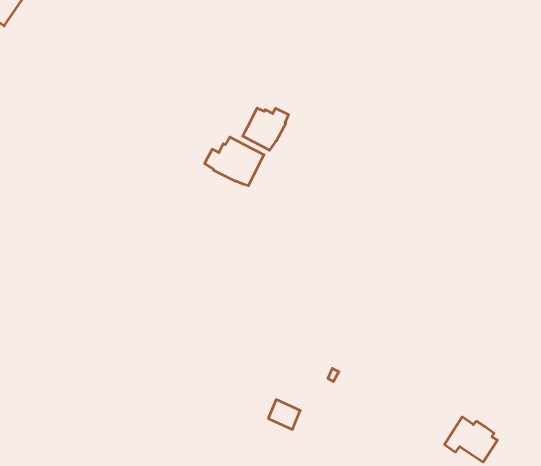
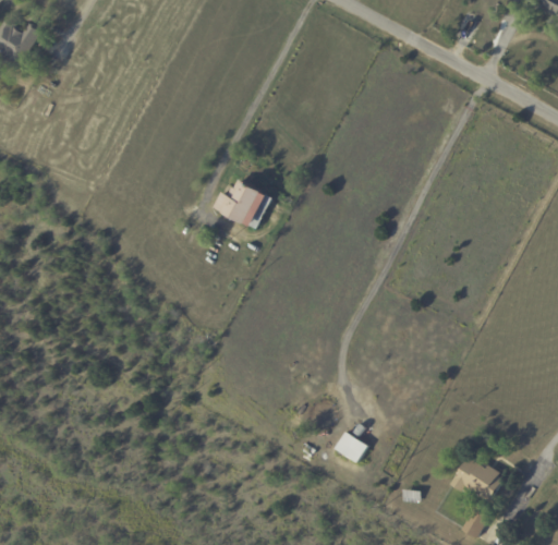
building: [243,108,288,150] -> none
building: [268,400,300,429] -> [335,431,366,460]

